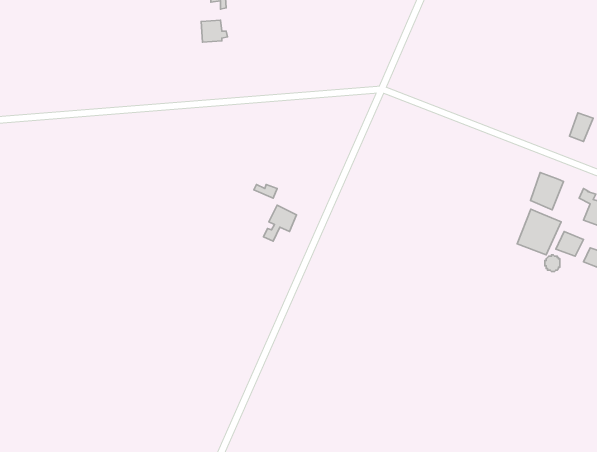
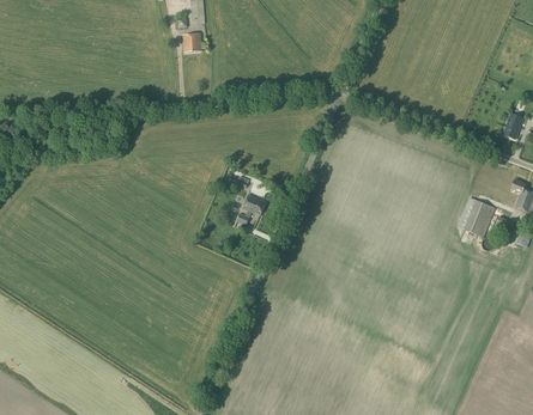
building: [530,172,564,210] -> none

